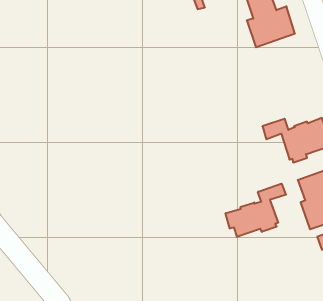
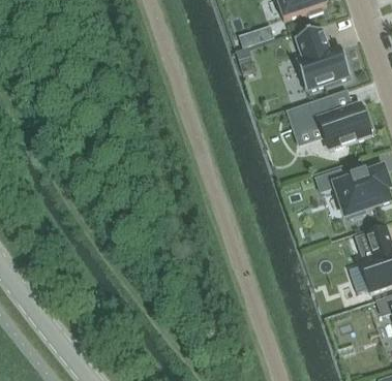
building: none -> [289,94,372,147]
building: [226,184,286,237] -> none

